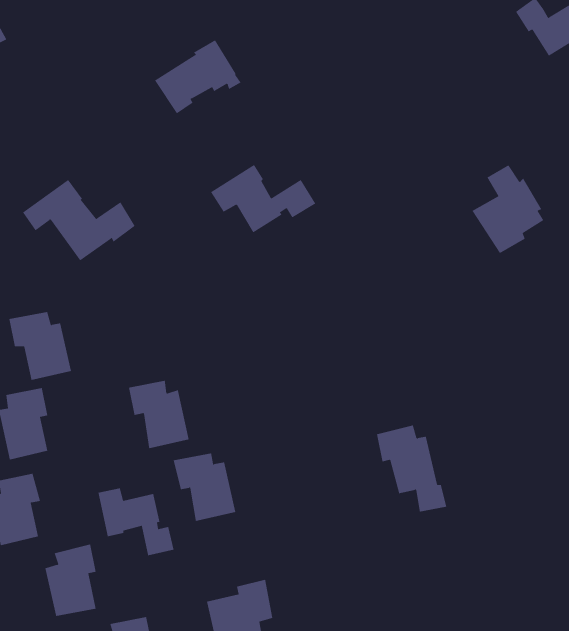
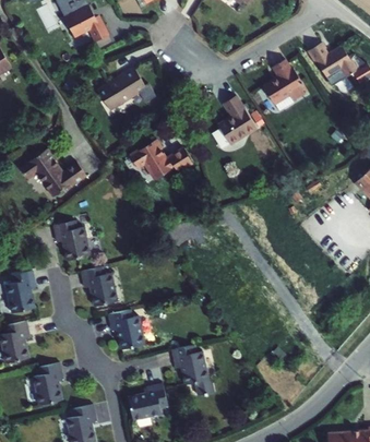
building: none -> [212,96,255,145]
building: [471,164,544,254] -> [264,58,307,110]
building: [9,312,72,380] -> [52,220,89,261]
building: [376,425,447,512] -> [171,344,213,395]
building: [98,488,174,556] -> none

